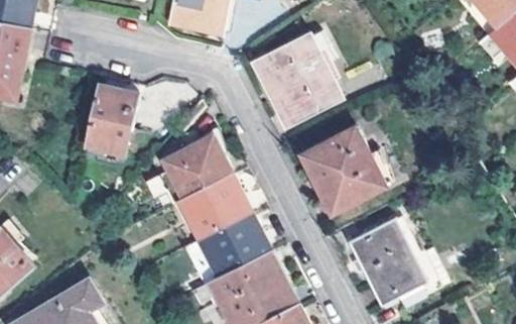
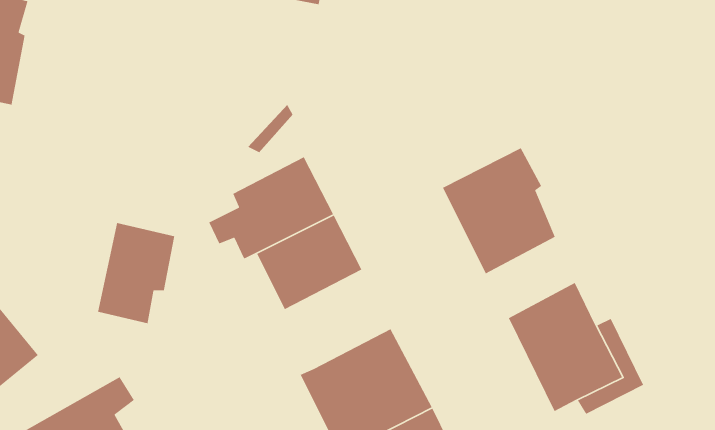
building: [257,35,342,125] -> none
building: [87,84,139,152] -> [97,222,175,324]
building: [199,210,270,277] -> none

